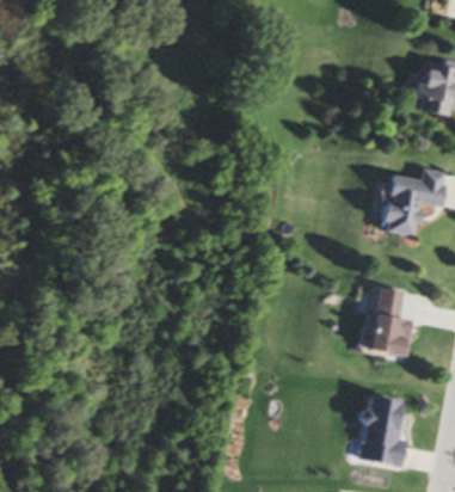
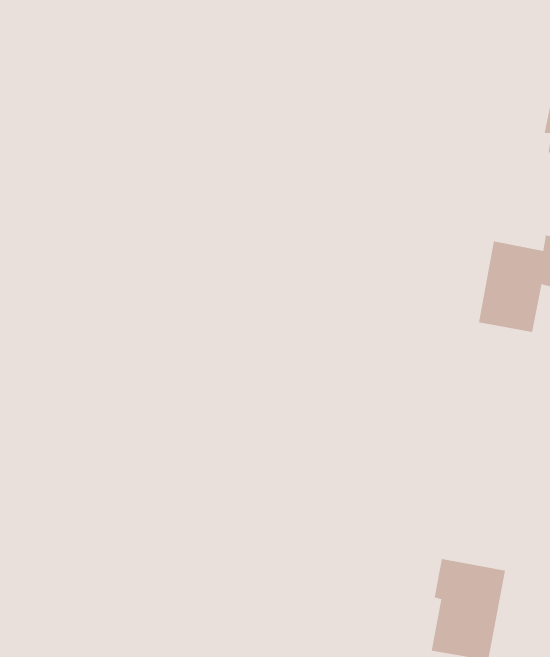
building: [365,287,414,358] -> none

